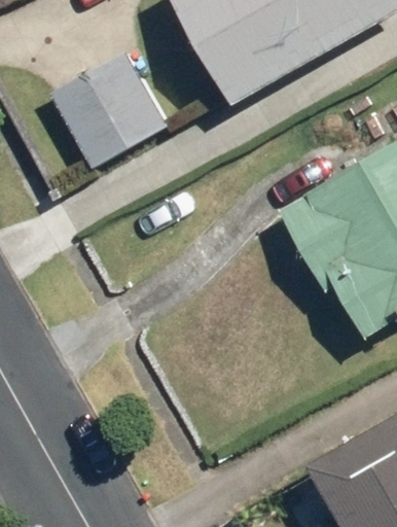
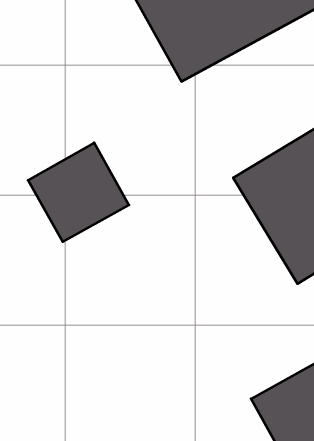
building: [48,56,165,170] -> [28,143,129,242]

